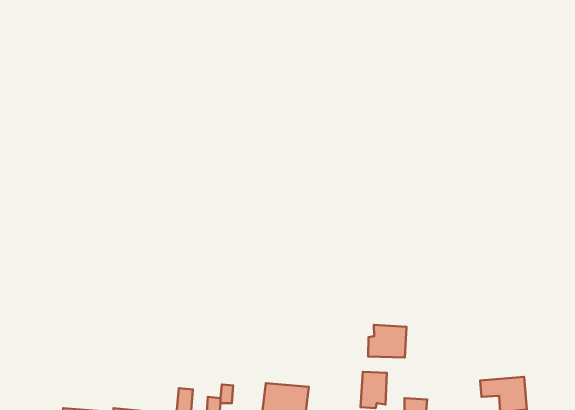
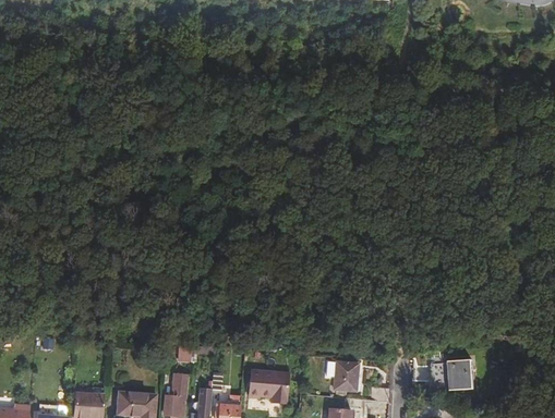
building: [368,325,407,358] -> none

